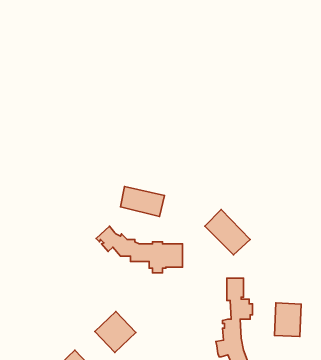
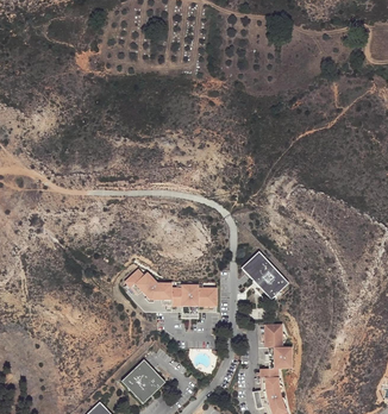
building: [120,186,165,216] -> none
building: [275,303,301,336] -> none

